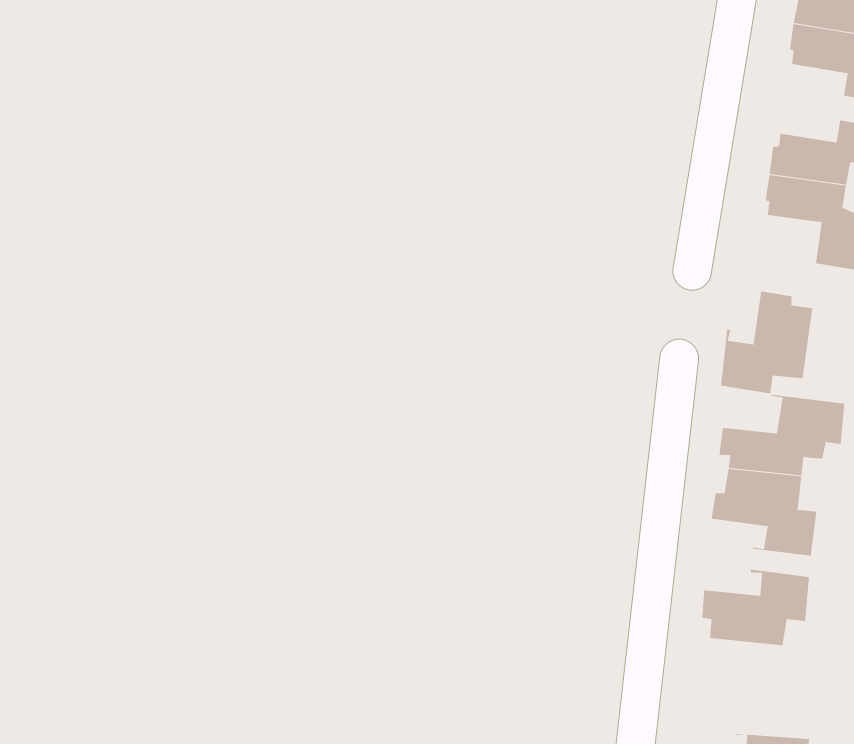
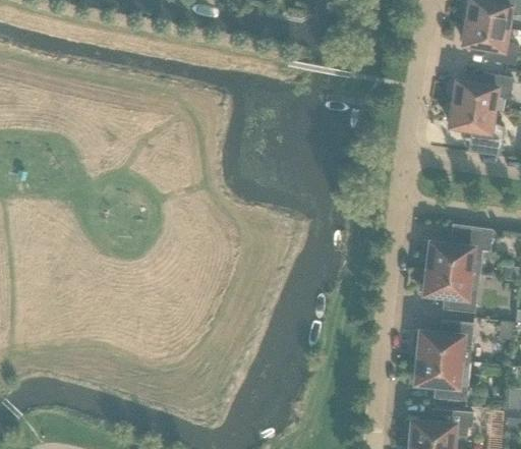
building: [720,290,813,394] -> none
building: none -> [412,357,470,401]

